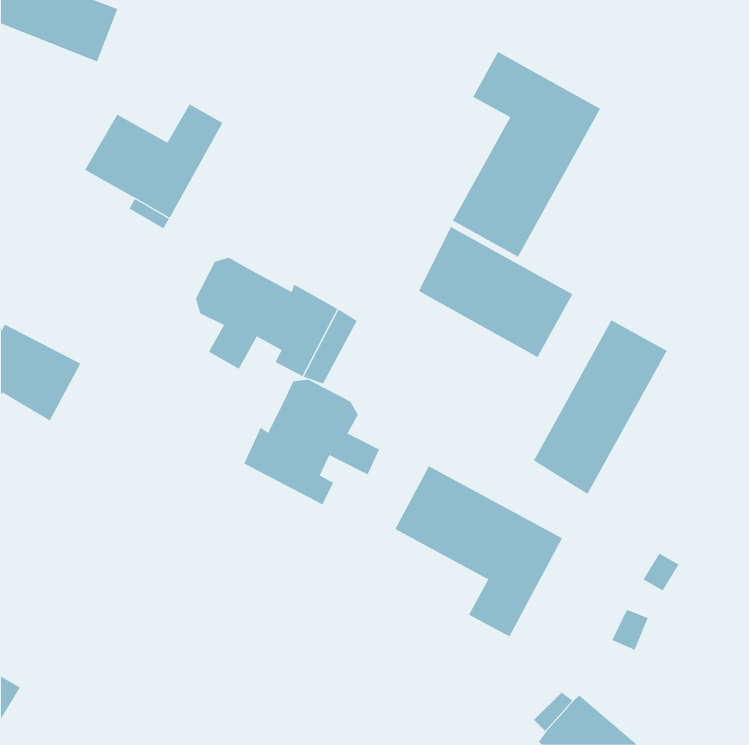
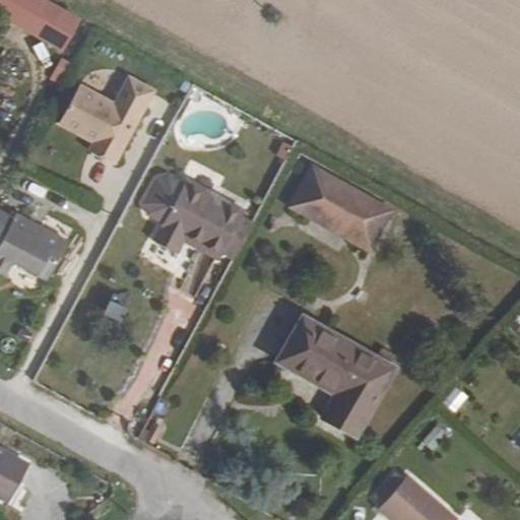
building: [452,51,601,258] -> none
building: [533,320,668,495] -> none
building: [243,379,380,505] -> none

